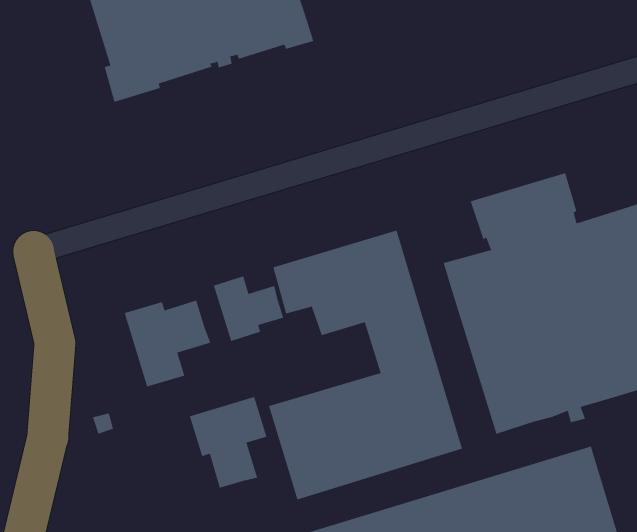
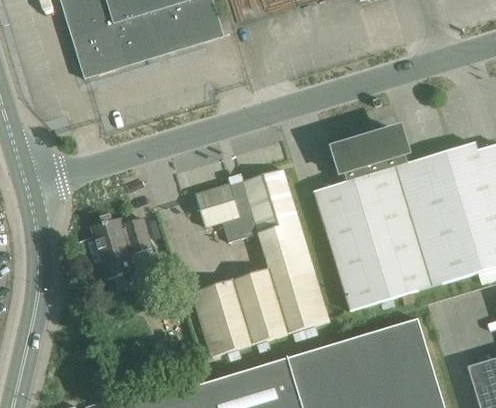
building: [213,276,284,342] -> none
building: [189,396,267,488] -> none

